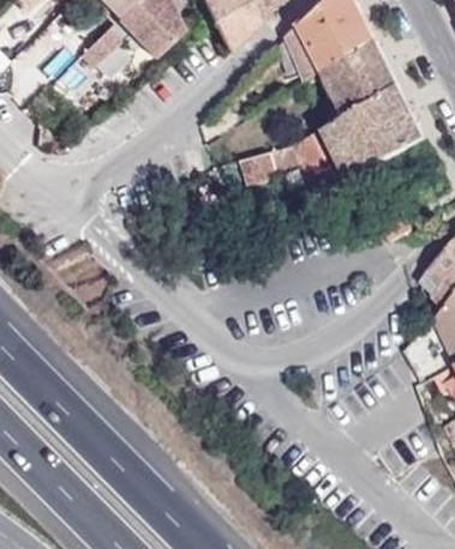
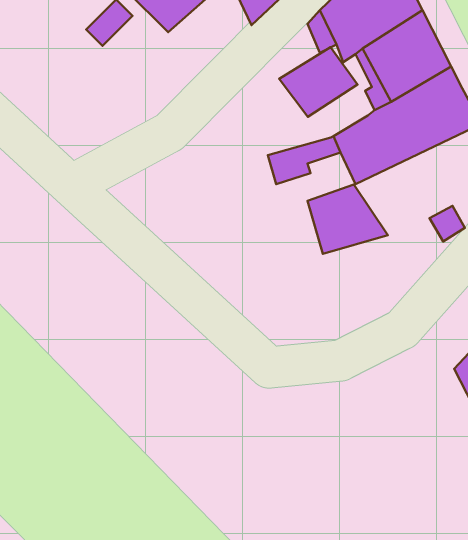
building: none -> [279,47,357,117]
building: none -> [307,184,388,254]

